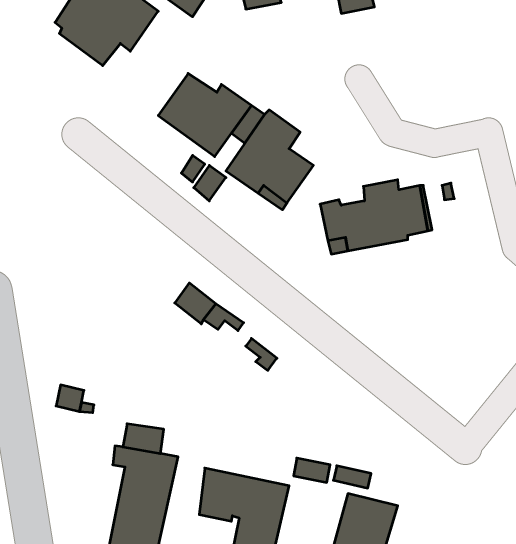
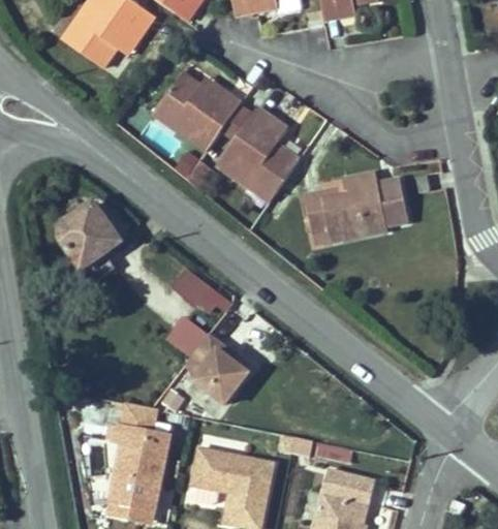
building: none -> [59,203,118,284]
building: none -> [164,313,249,404]

